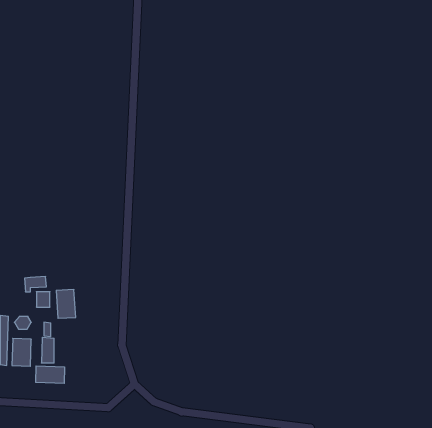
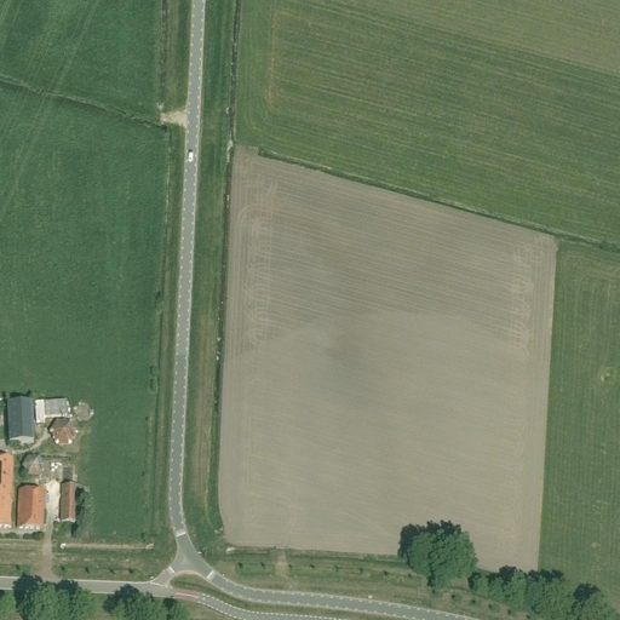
building: [56,290,76,318] -> [6,397,34,438]
building: [36,366,64,383] -> none

